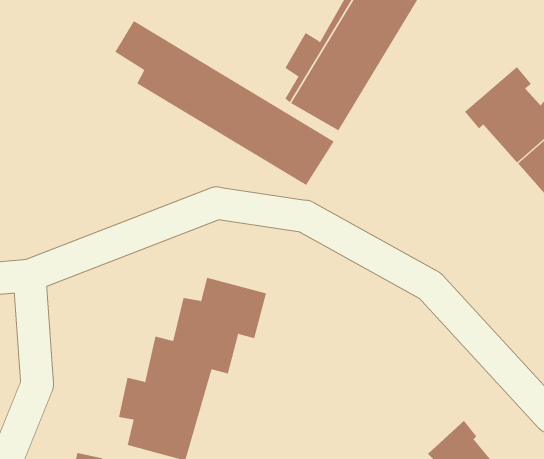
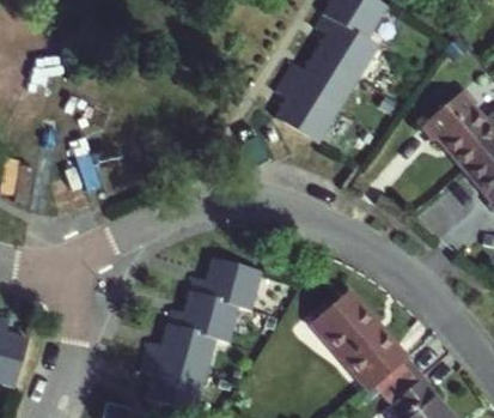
building: [115,20,335,186] -> none
building: none -> [311,292,407,392]

